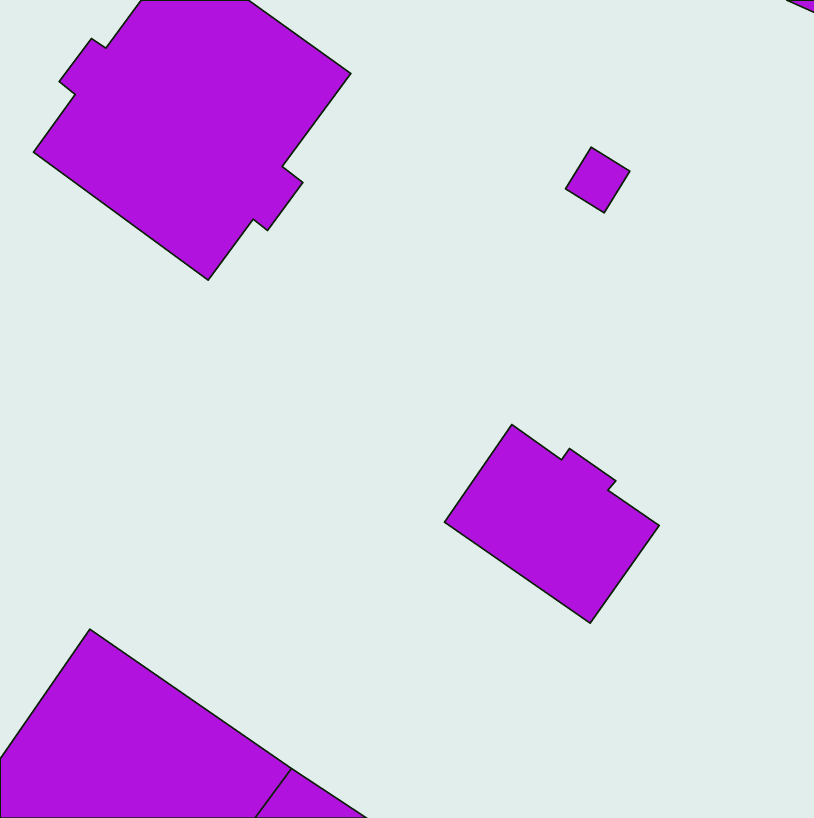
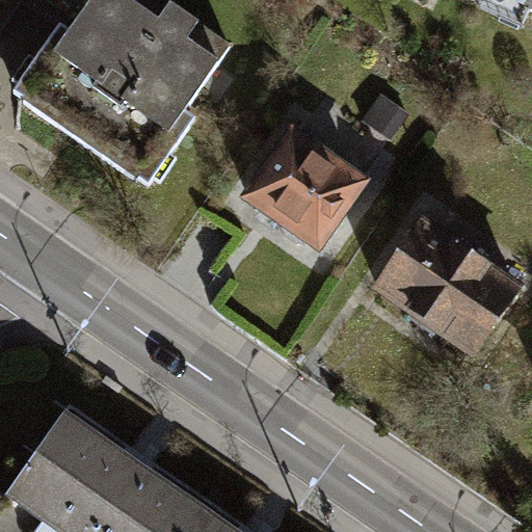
building: none -> [245,132,364,247]
building: [445,425,659,623] -> [380,223,520,352]

